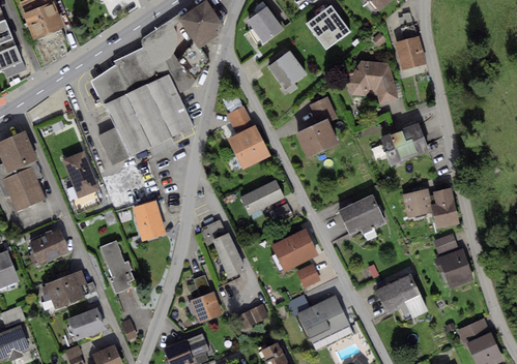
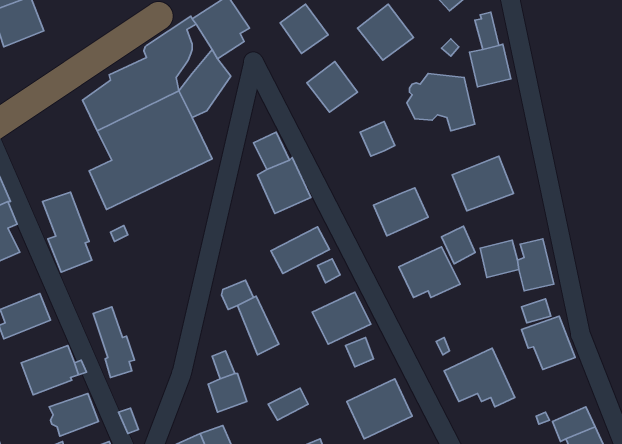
building: [295,120,338,157] -> [373,188,428,236]
building: none -> [441,226,475,264]
building: [133,201,166,241] -> none

